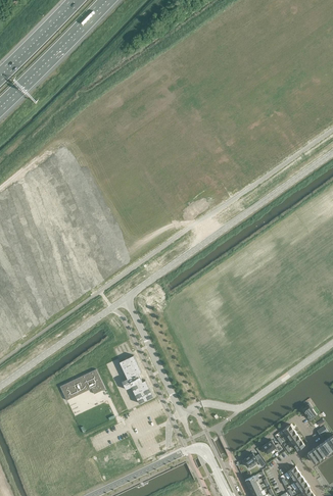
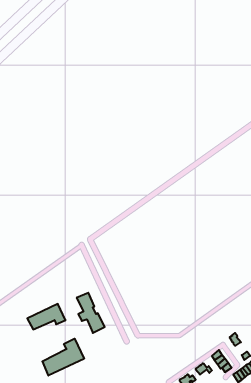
building: none -> [42,339,84,376]

